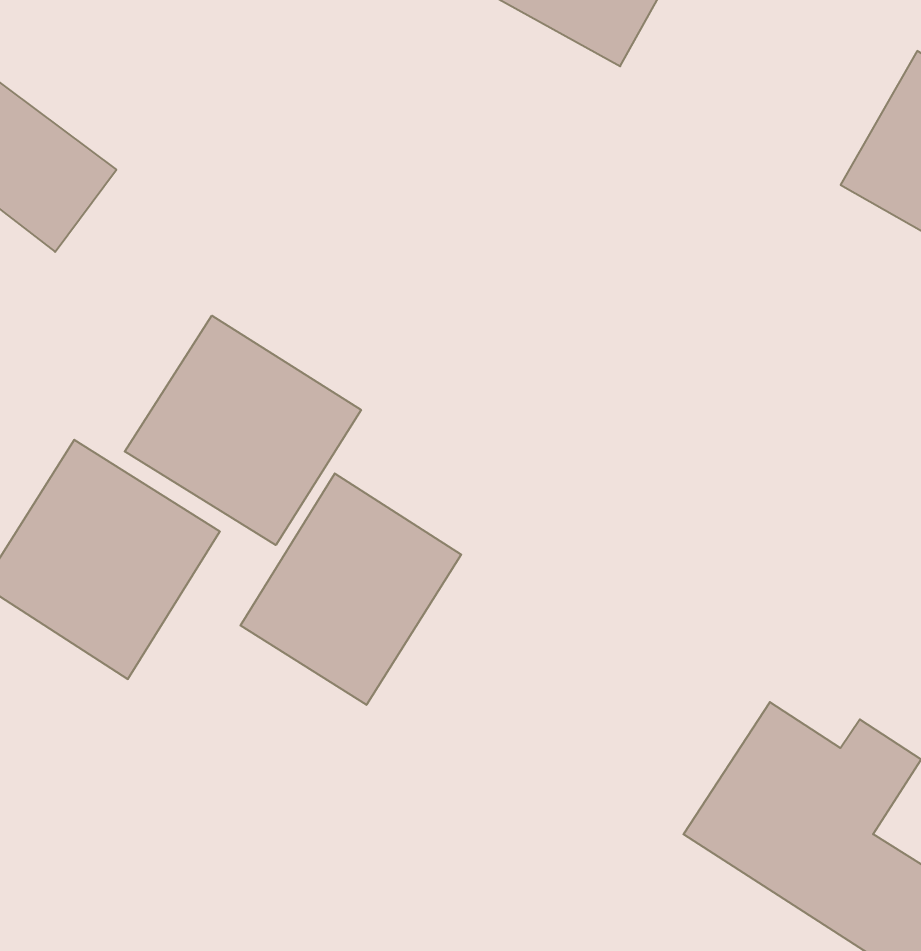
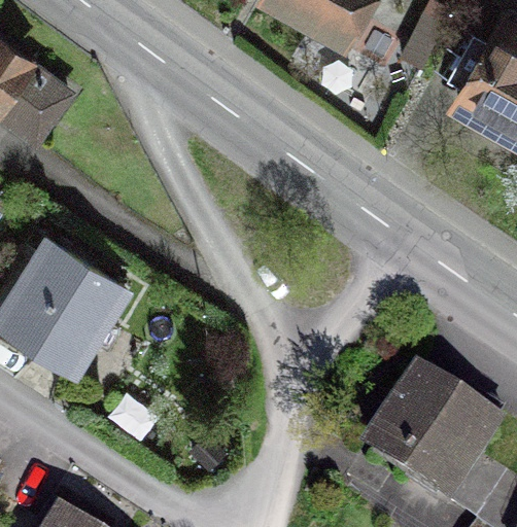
building: [125,316,361,545] -> none
building: [240,473,461,705] -> none

